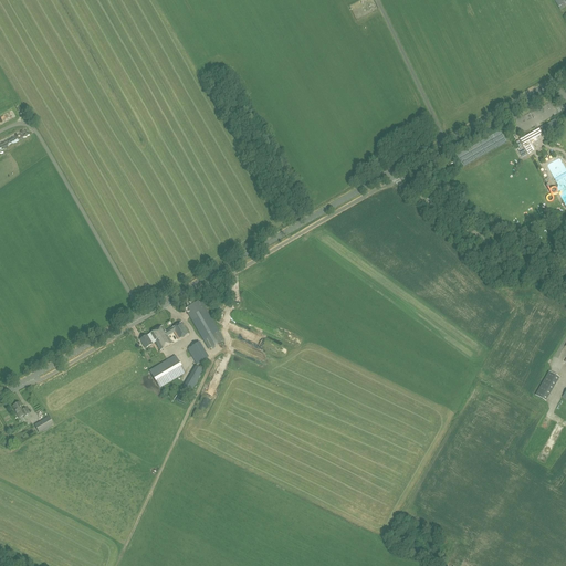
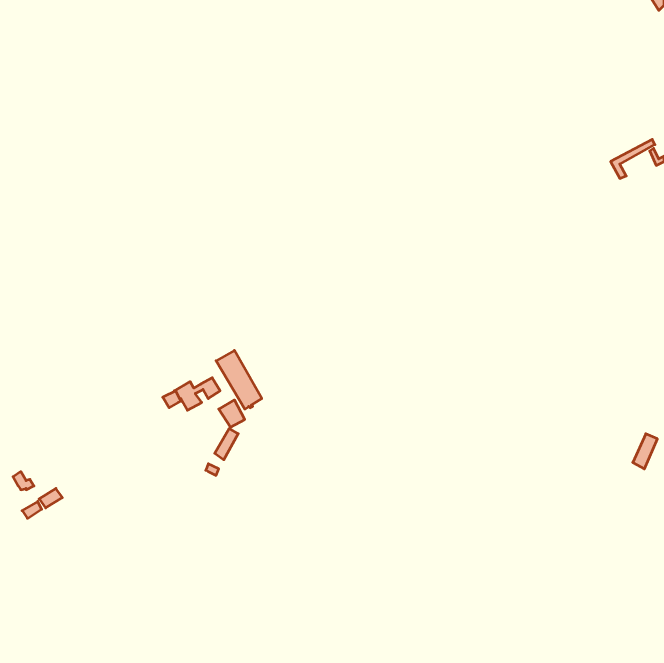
building: [148,354,185,386] -> none

